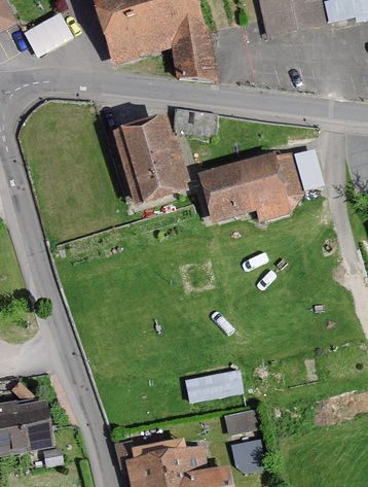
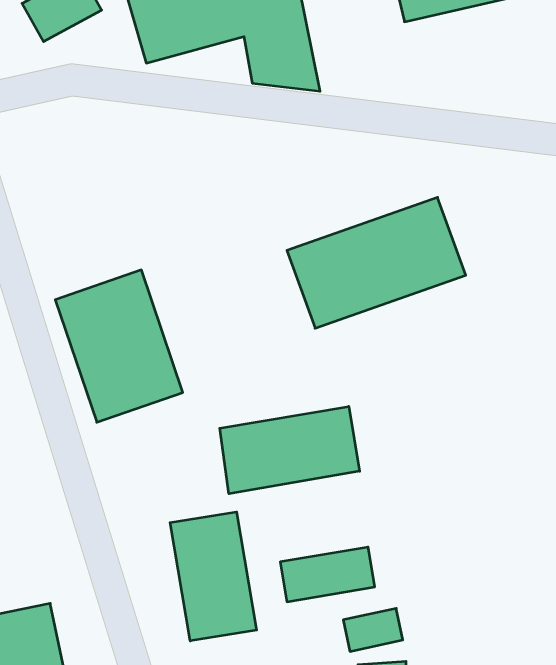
building: [105,117,184,212] -> [55,270,183,422]
building: none -> [220,406,360,494]
building: none -> [170,512,257,641]

